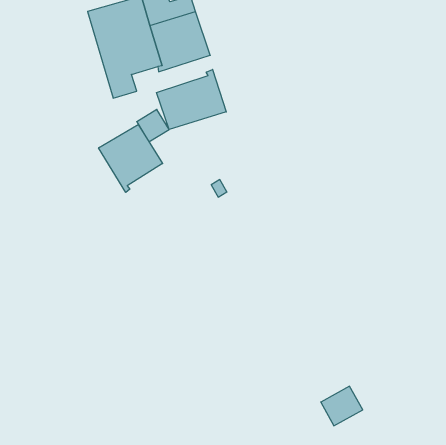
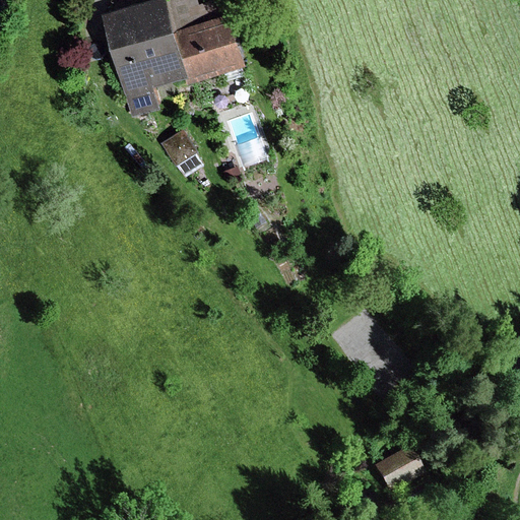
building: [156,69,226,130] -> none
building: [99,125,163,192] -> none

